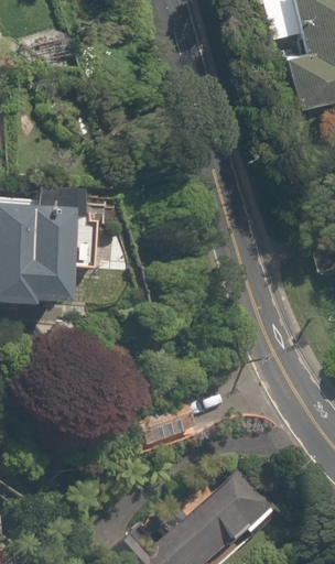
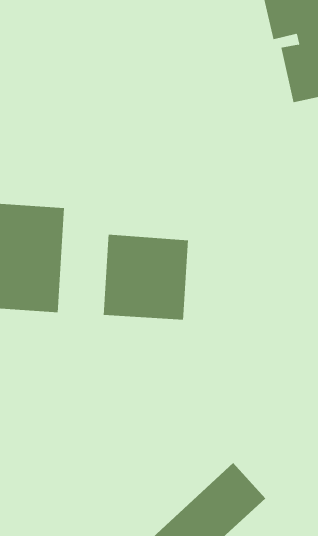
building: none -> [103,234,188,321]

